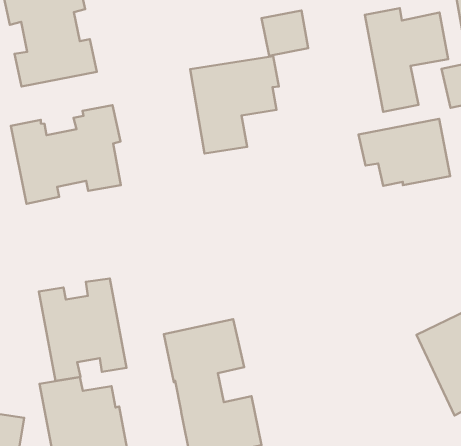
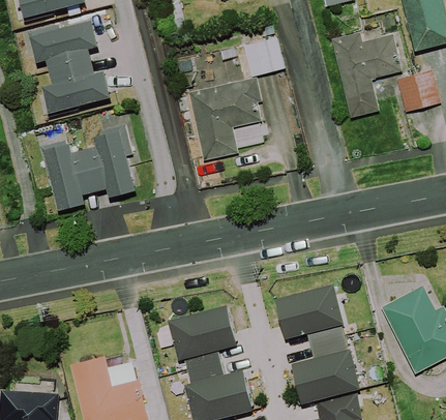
building: [359,119,450,186] -> none
building: [39,279,127,381] -> none
building: none -> [283,277,369,396]

